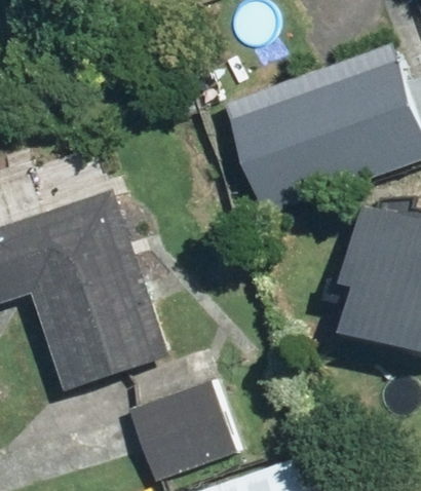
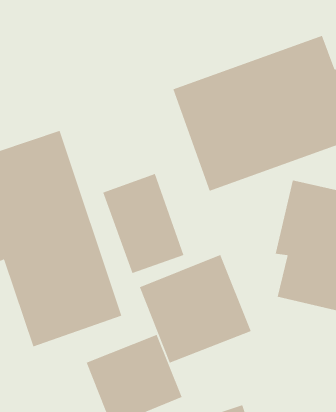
building: none -> [103,173,184,274]
building: none -> [139,254,252,364]

